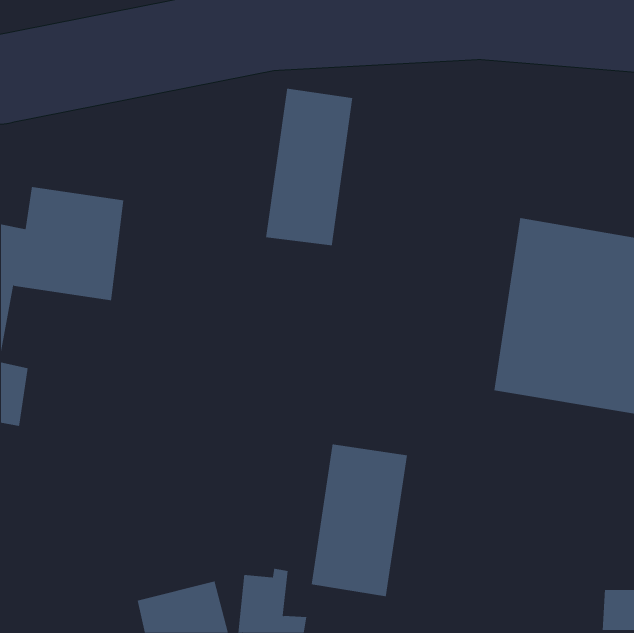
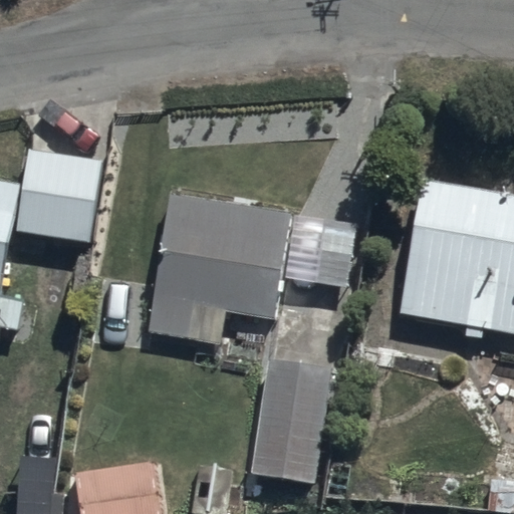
building: [265,88,353,246] -> none
building: none -> [149,193,291,344]

